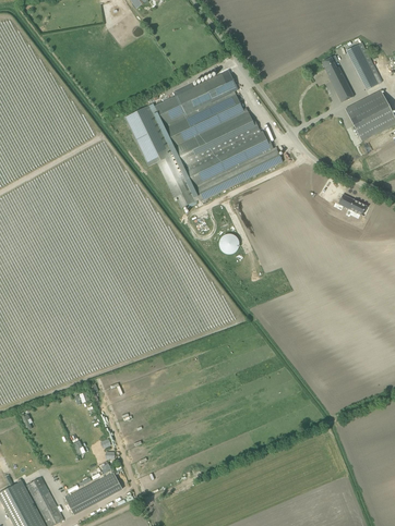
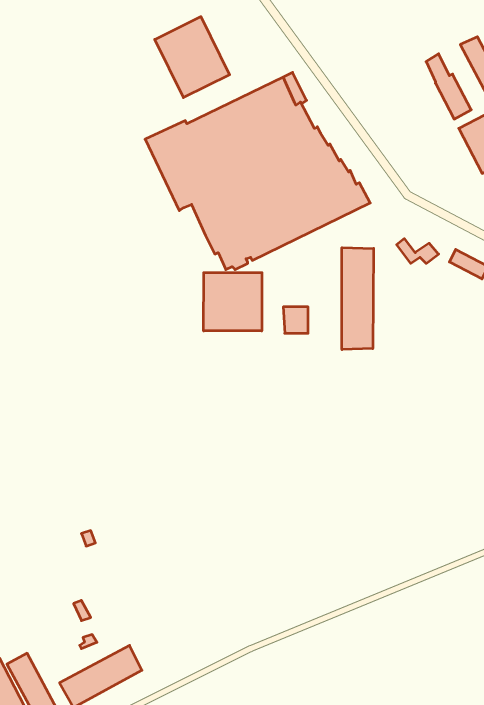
building: none -> [155,17,230,98]
building: none -> [342,248,374,350]
building: none -> [204,273,262,331]

